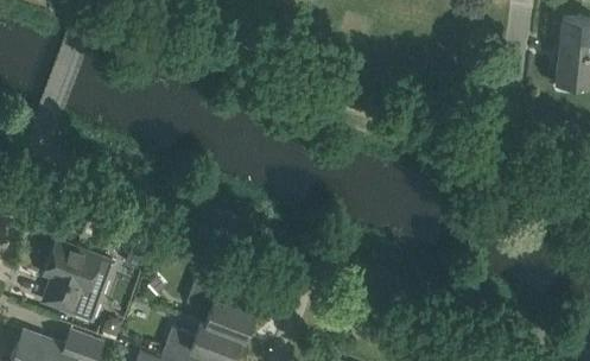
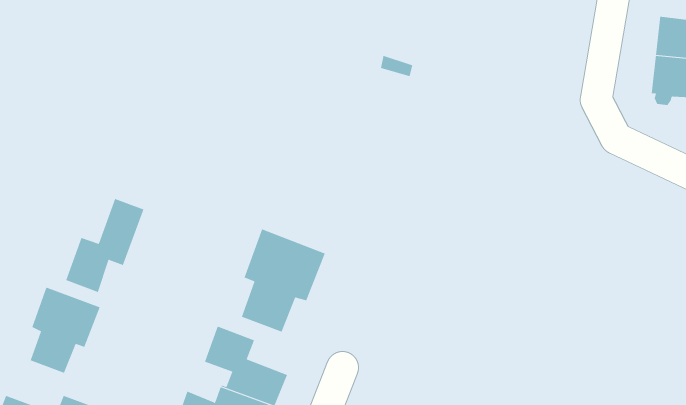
building: none -> [66,198,146,293]
building: none -> [241,229,325,332]

